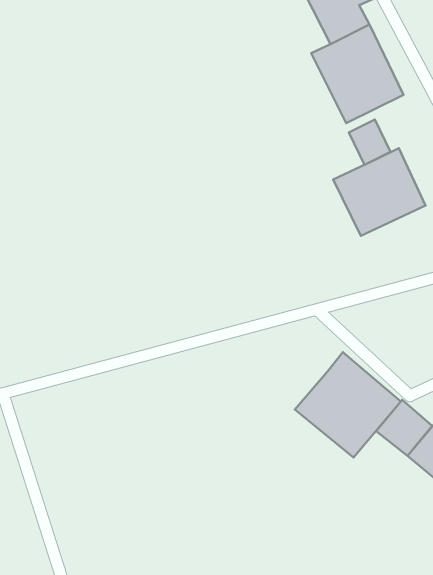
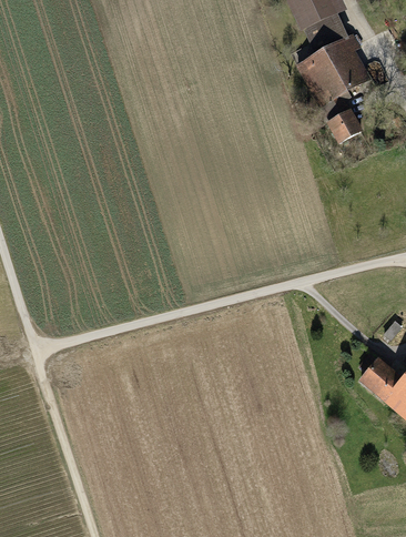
building: [333,148,426,236] -> none
building: [295,352,401,457] -> none

